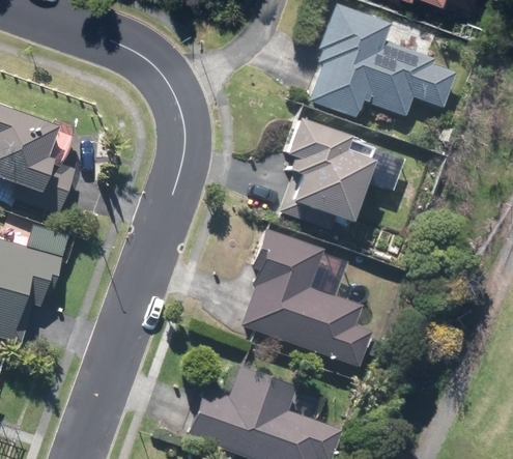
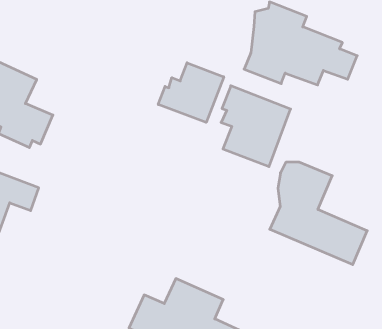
building: none -> [158,63,224,122]
building: [245,237,367,362] -> [270,162,367,265]

